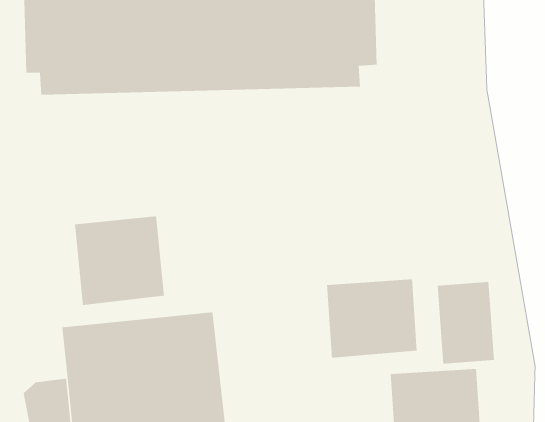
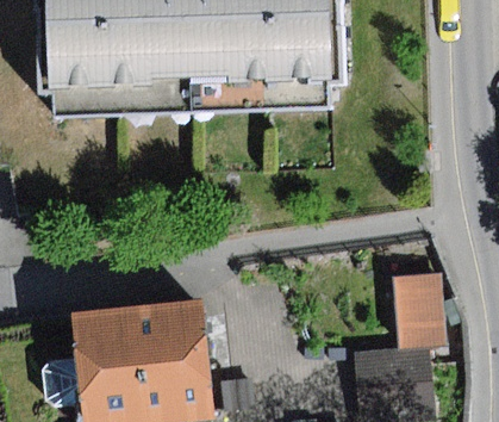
building: [74,216,164,306] -> none
building: [327,279,417,358] -> none

